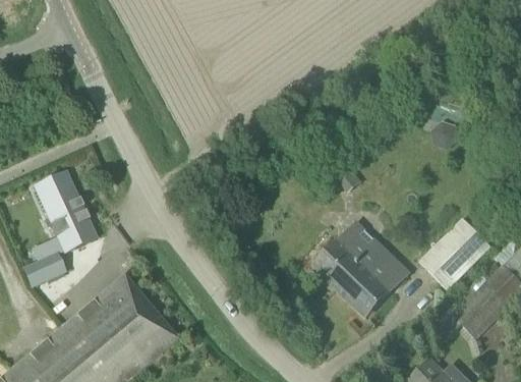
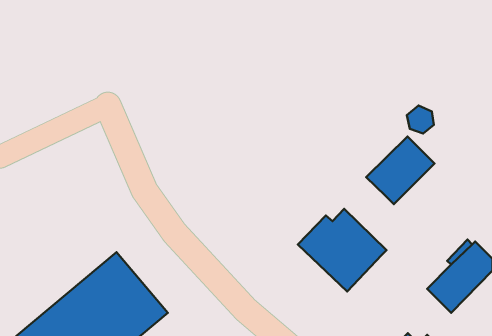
building: [35,171,96,252] -> none
building: [418,218,490,289] -> [366,137,434,204]
building: [22,254,63,285] -> none

